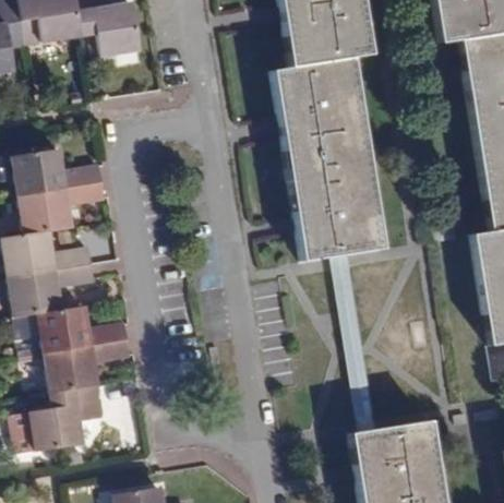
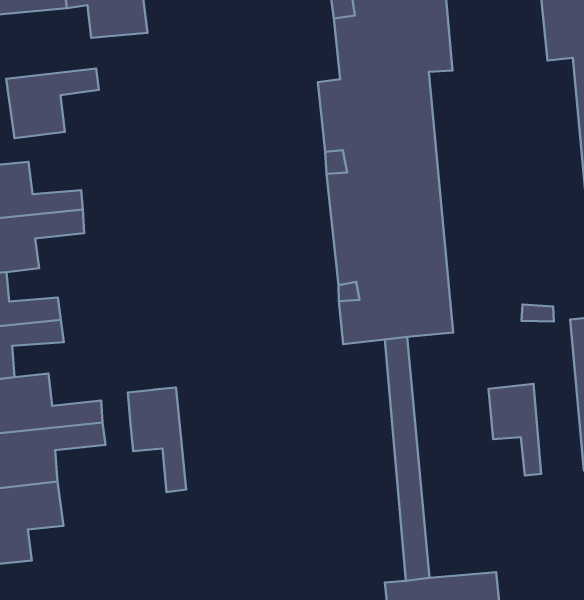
building: none -> [6,68,99,138]
building: none -> [488,384,541,476]
building: none -> [128,388,186,492]

